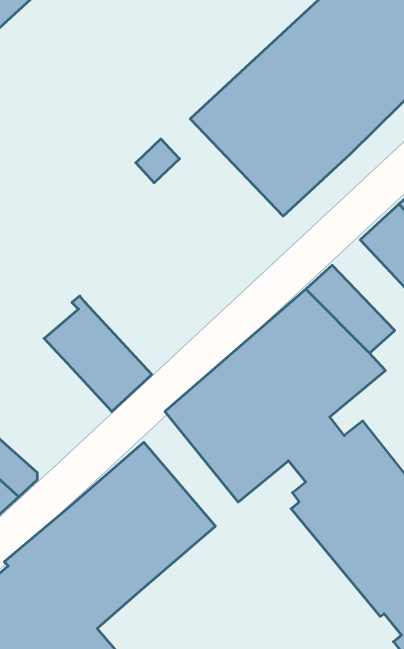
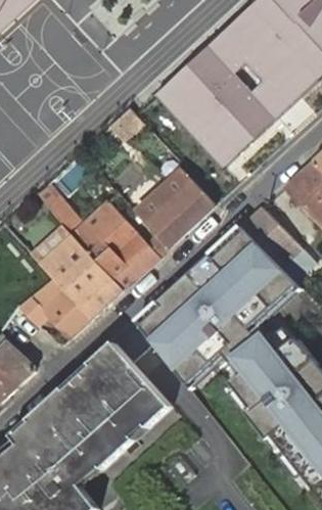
building: none -> [135,170,215,247]
building: none -> [36,183,158,289]
building: none -> [19,281,91,336]

